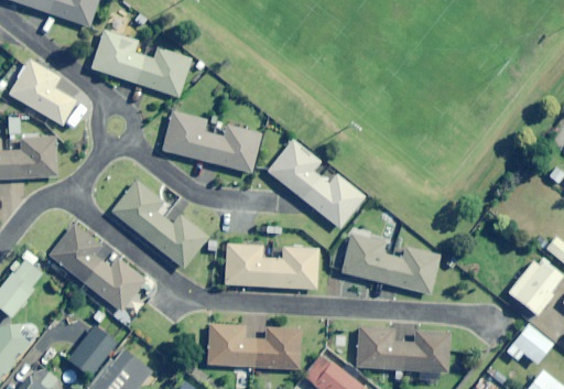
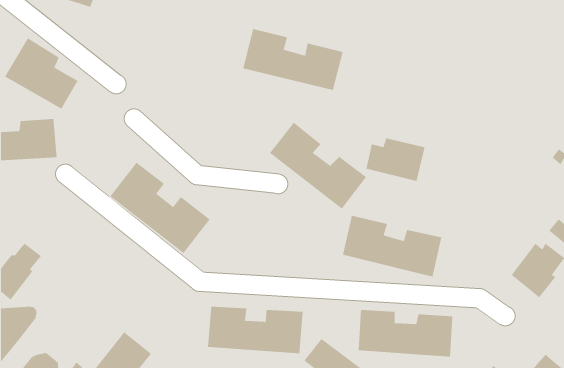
building: [90,29,191,98] -> none
building: [162,110,262,172] -> [242,28,343,91]
building: none -> [366,137,425,182]
building: [47,225,144,311] -> none
building: [224,244,319,289] -> none
building: [67,324,117,377] -> none
building: [508,324,553,365] -> none

